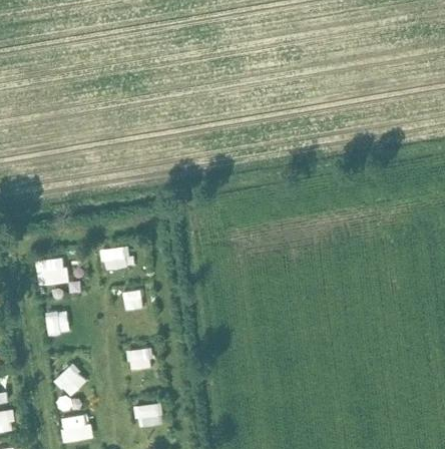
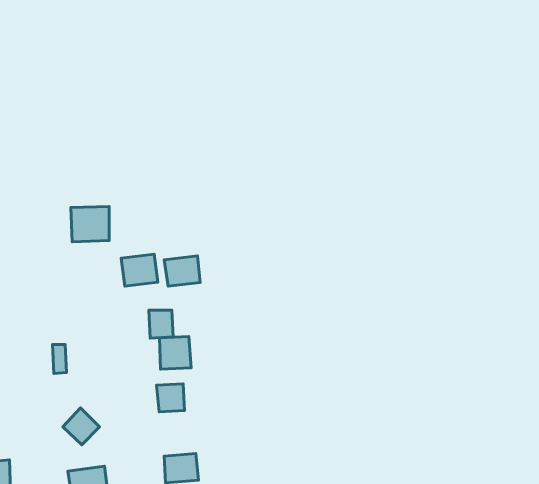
building: none -> [164,256,200,286]
building: [35,257,65,285] -> [71,206,109,242]
building: none -> [160,336,191,369]

